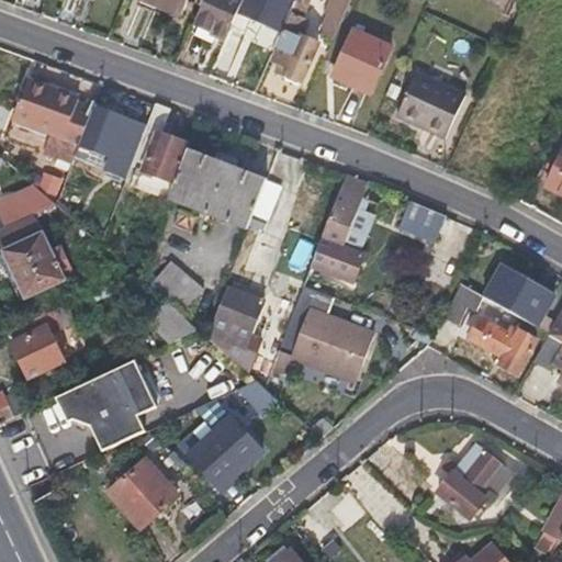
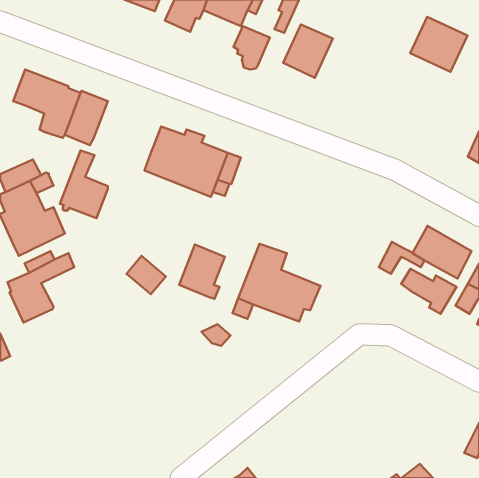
building: [398,71,465,136] -> [410,17,467,72]
building: [133,103,189,182] -> [60,151,108,218]
building: [312,175,369,282] -> none
building: [401,201,446,241] -> none
building: [153,261,202,311] -> none
building: [56,360,156,452] -> none
building: [181,408,259,495] -> none
building: [437,446,497,518] -> none
building: [106,459,176,526] -> none

